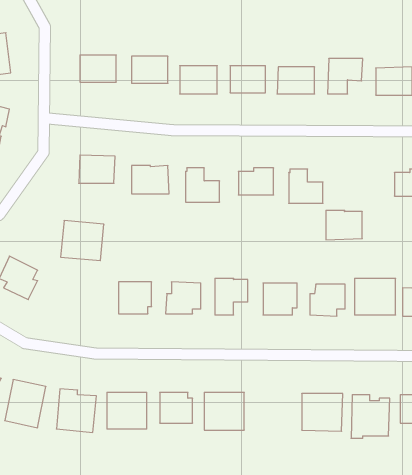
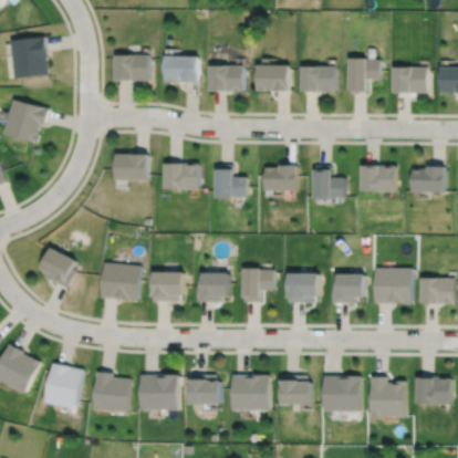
building: [326,210,362,240] -> [360,164,394,191]
building: [61,221,104,261] -> [98,262,139,300]
building: none -> [281,376,312,404]

